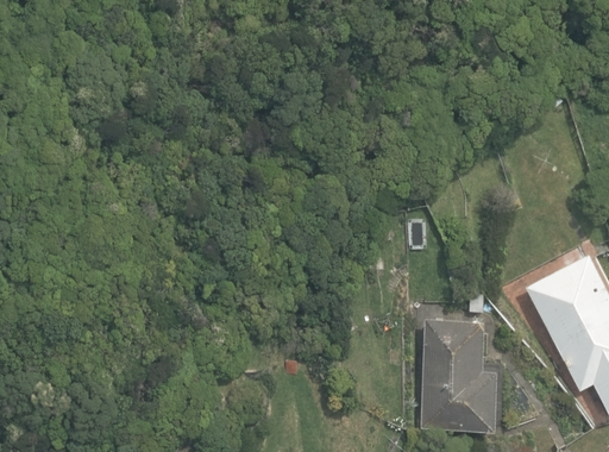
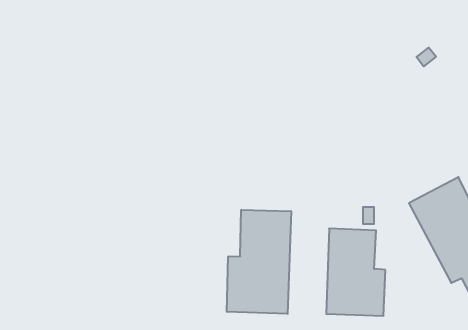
building: none -> [227,210,291,314]

